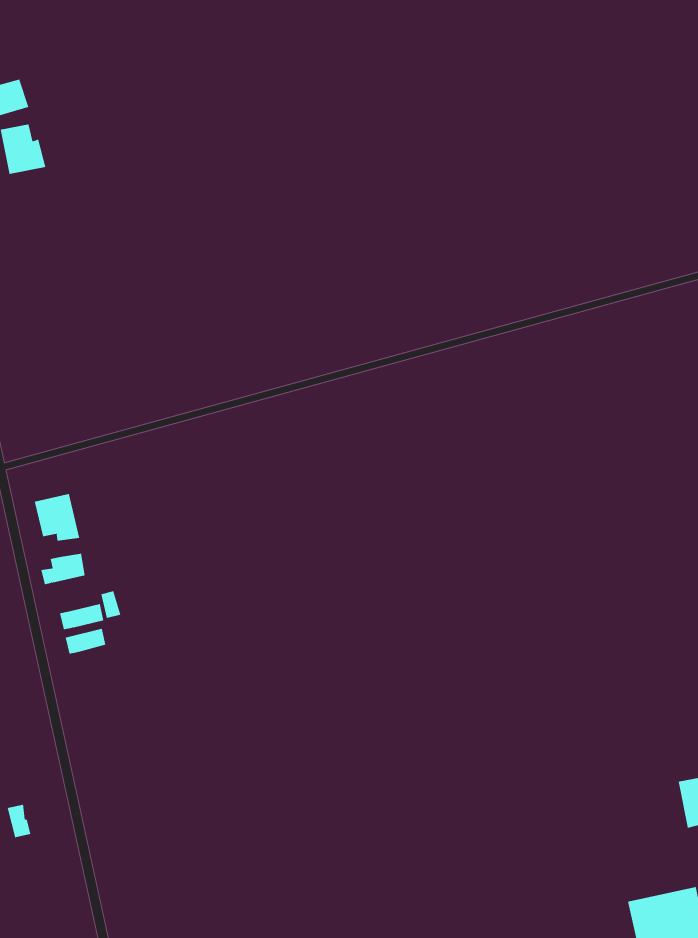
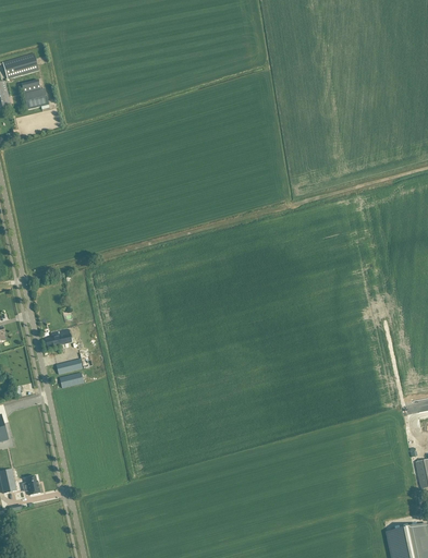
building: [34,493,80,541] -> none

